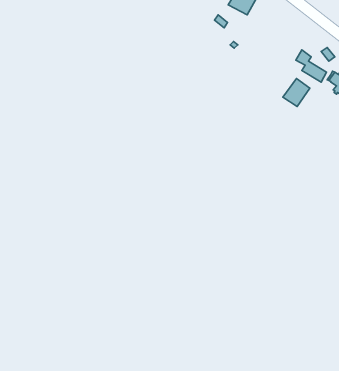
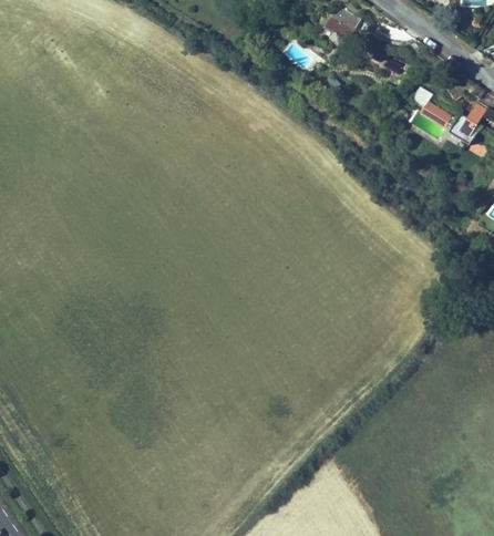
building: [283,79,310,106] -> none

